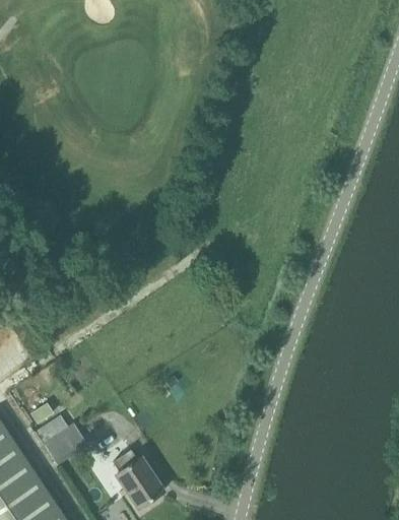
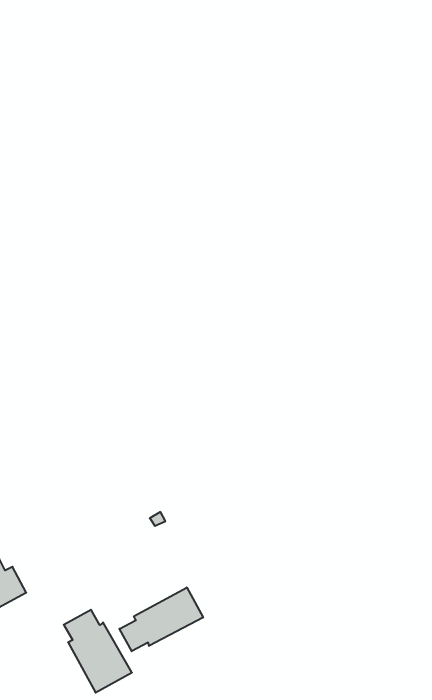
building: none -> [119,587,203,651]

